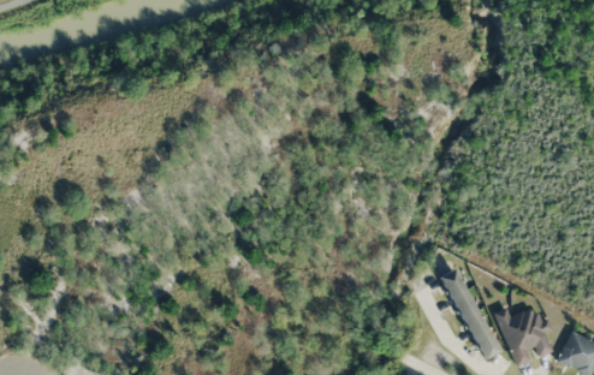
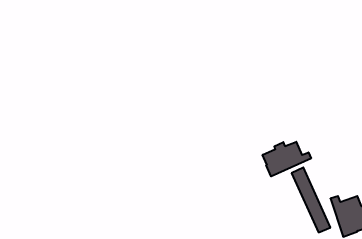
building: none -> [263,142,311,176]

